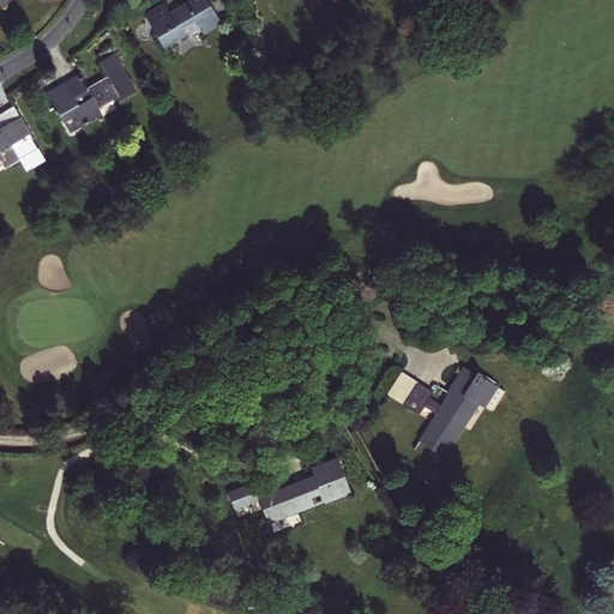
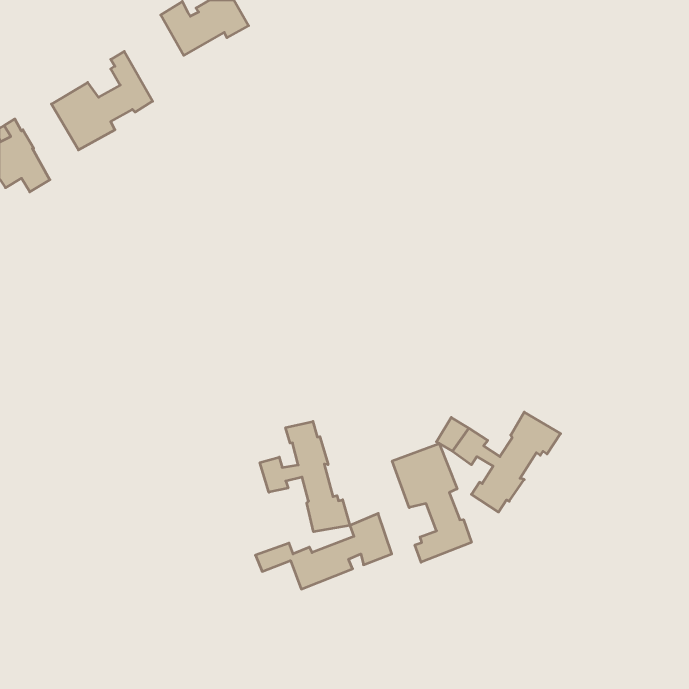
building: none -> [260,421,350,532]
building: none -> [392,443,471,562]

